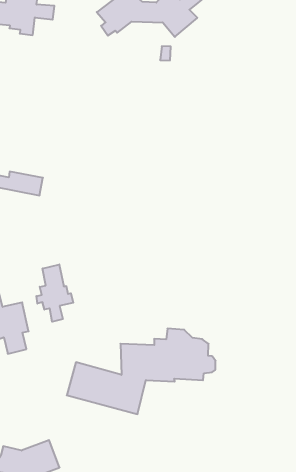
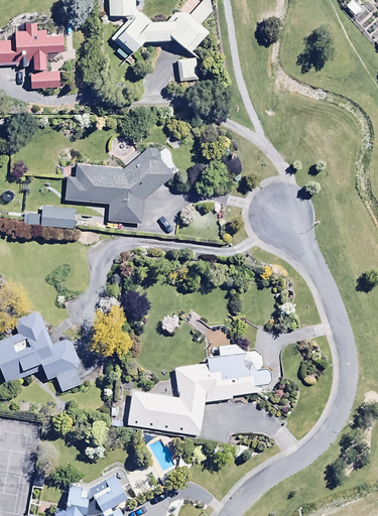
building: none -> [30,71,60,89]
building: none -> [62,143,174,223]
building: [36,264,73,322] -> none

